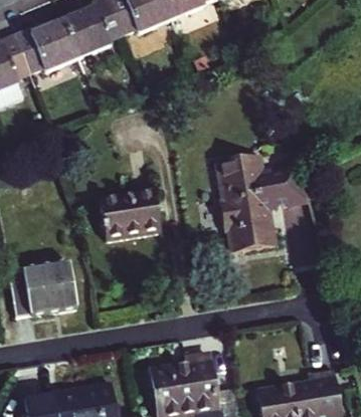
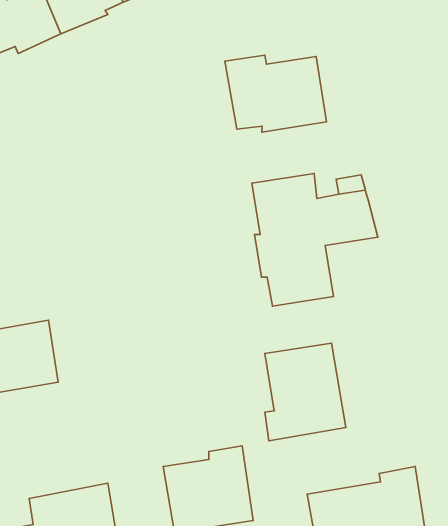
building: none -> [225,55,326,132]
building: [100,191,161,241] -> none
building: none -> [265,343,346,441]

